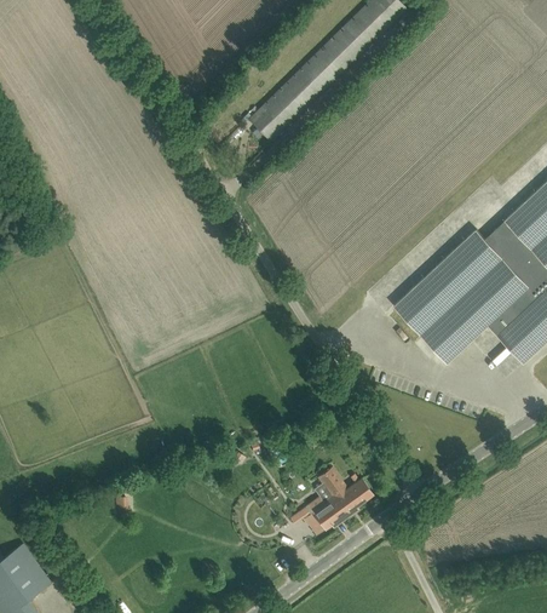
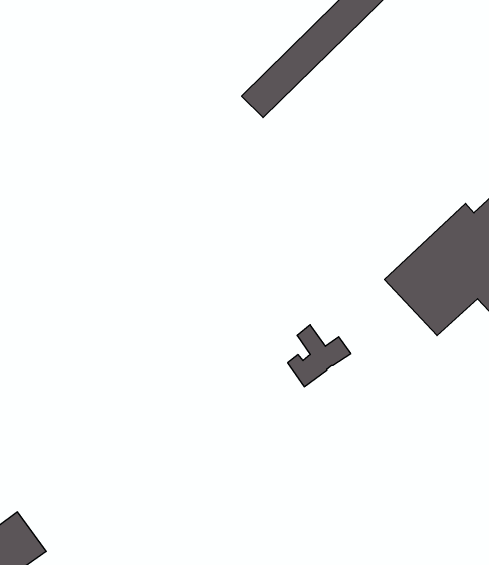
building: [306,468,370,531] -> [288,325,351,387]

